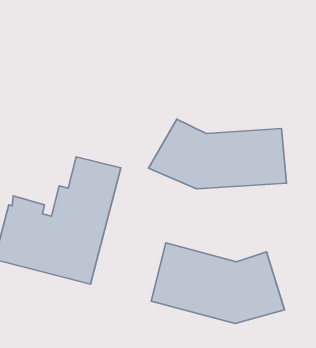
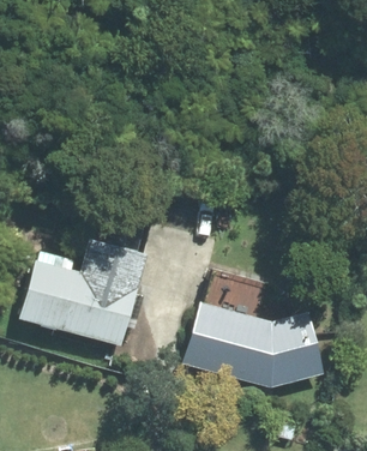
building: [148,119,287,189] -> none

